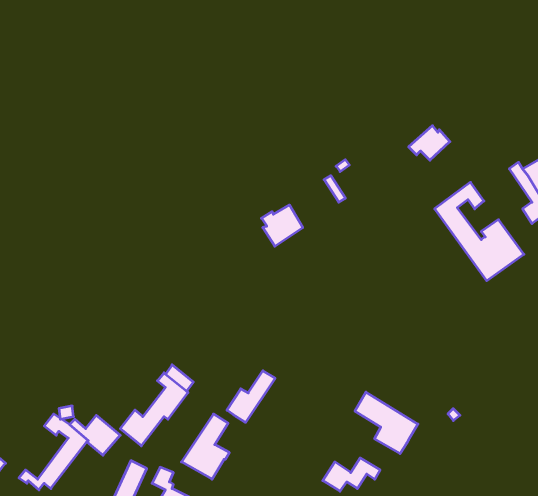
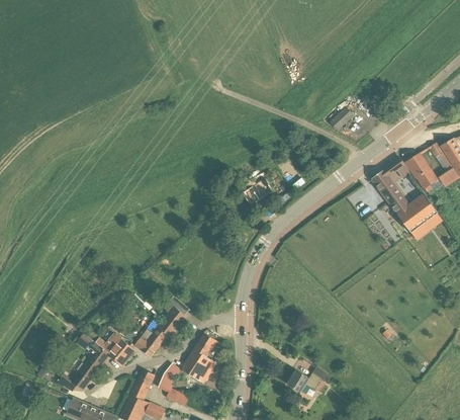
building: [409,126,450,160] -> [323,104,354,131]
building: none -> [406,154,438,188]
building: [227,371,275,422] -> none
building: [355,392,418,454] -> none

